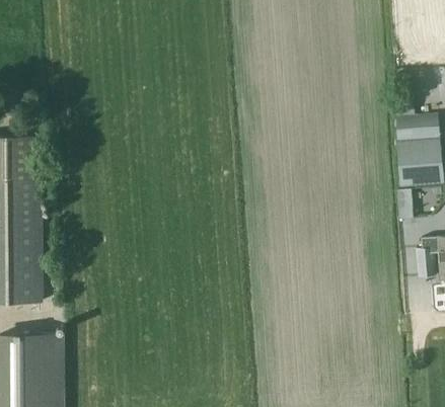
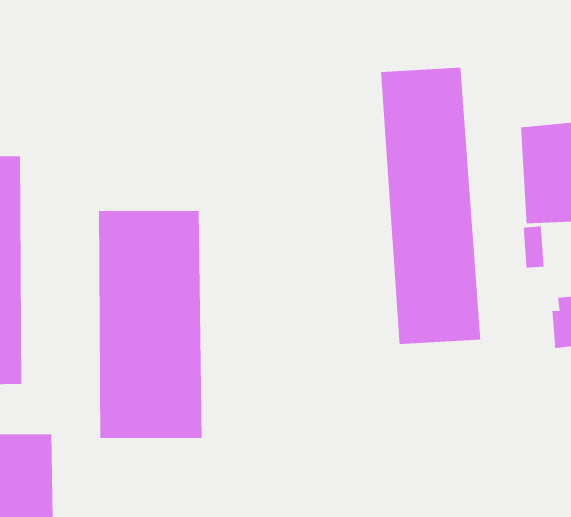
building: none -> [380,67,481,345]
building: none -> [98,210,203,439]

